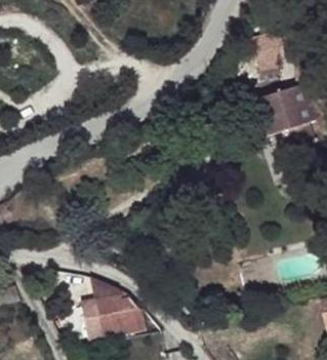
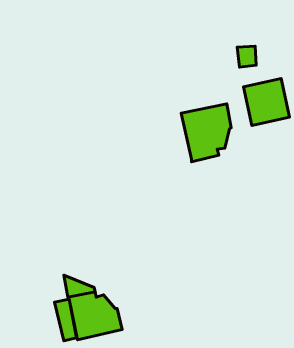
building: none -> [181,104,231,162]

